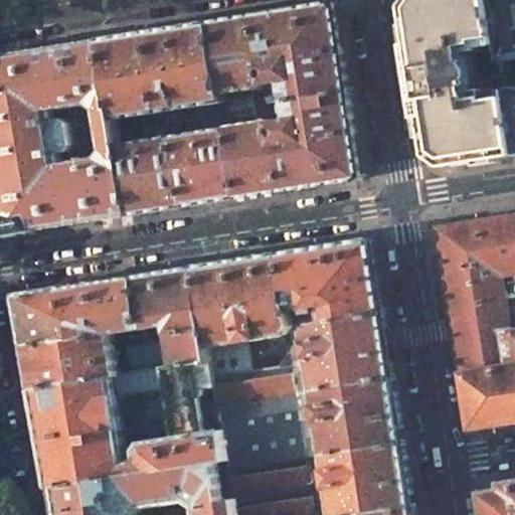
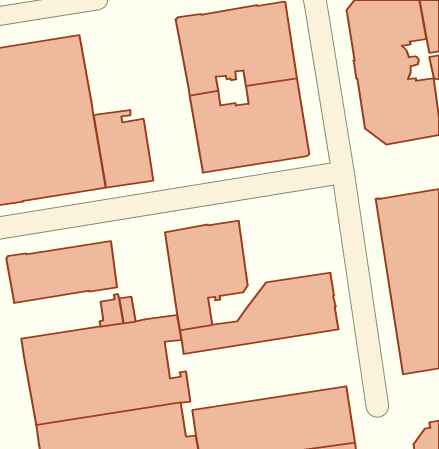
building: [91,23,215,127] -> none
building: [164,117,231,207] -> none
building: [273,238,377,354] -> none
building: [127,267,202,366] -> none
building: [16,333,108,388] -> none
building: [209,377,395,470] -> none

